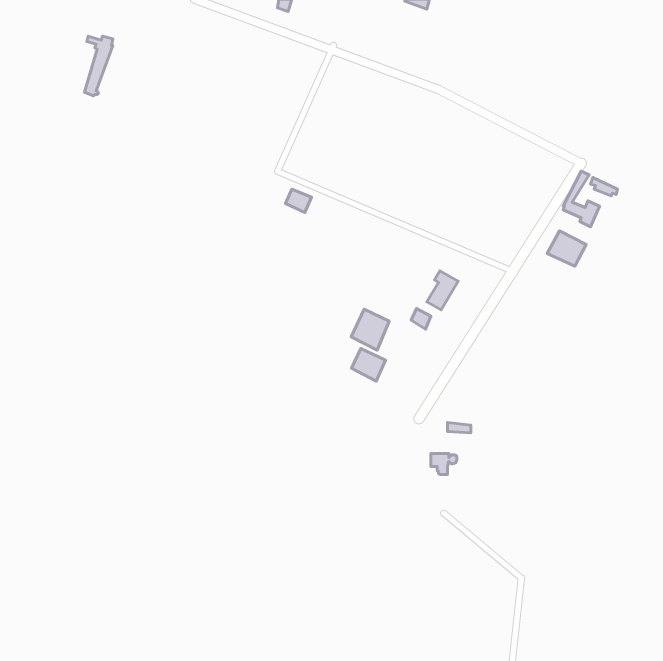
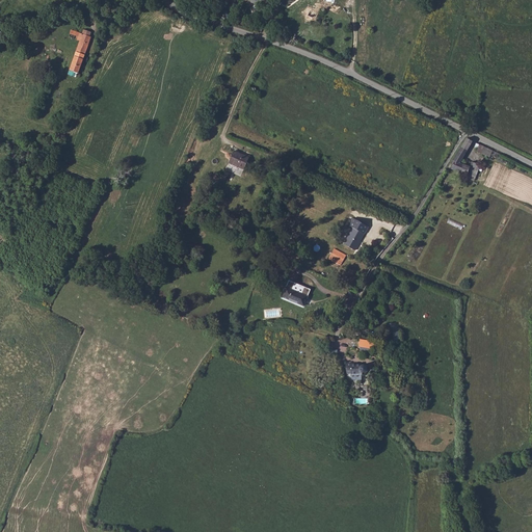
building: [547,231,586,266] -> none
building: [351,309,389,350] -> none

